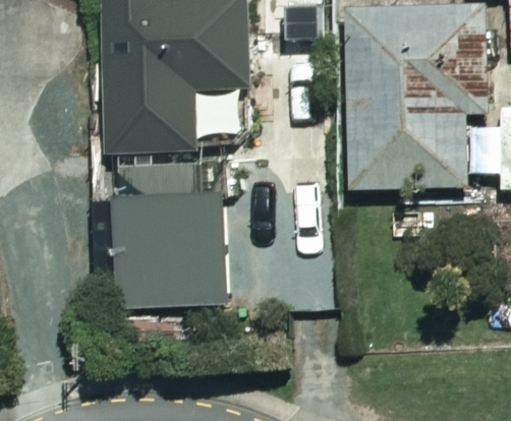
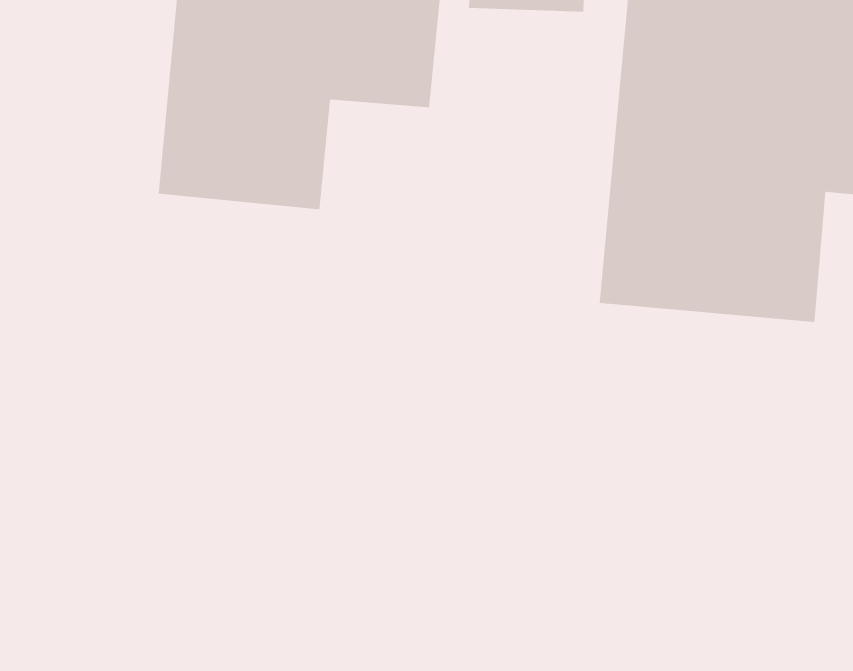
building: [114,193,224,304] -> none

